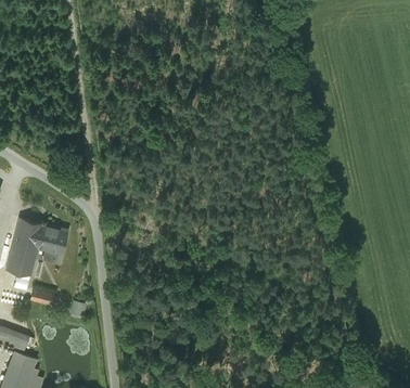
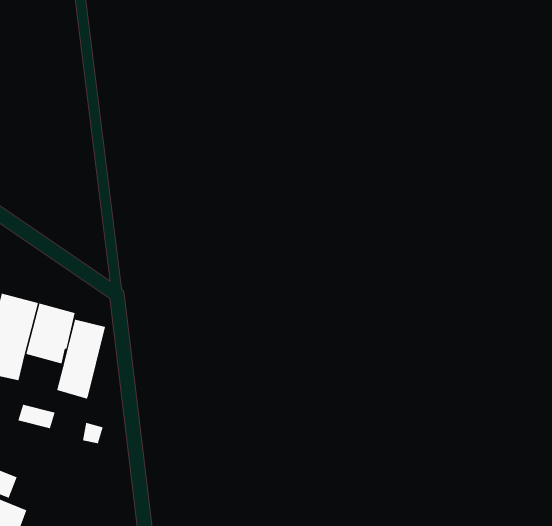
building: none -> [57,319,106,399]

